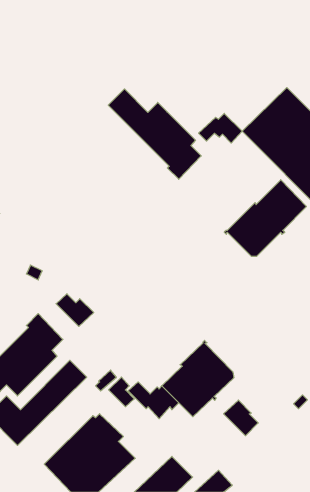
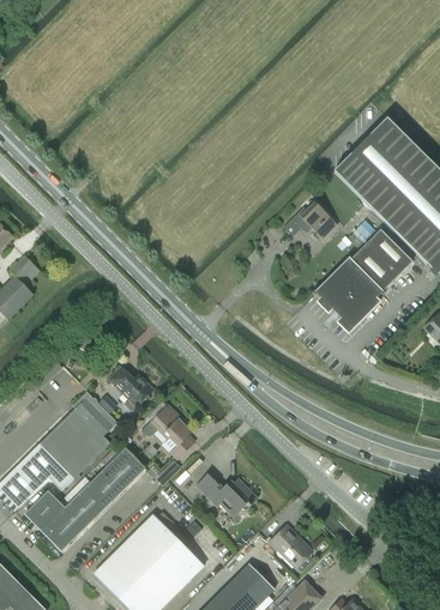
building: [108,89,201,179] -> none
building: [199,113,242,143] -> [283,203,336,238]
building: none -> [140,404,194,458]
building: [162,340,234,417] -> none
building: [224,400,258,436] -> [269,525,311,568]

